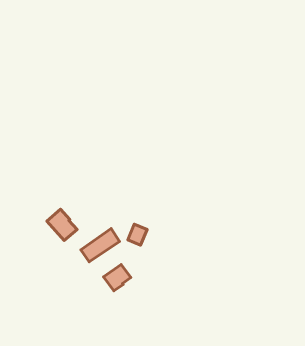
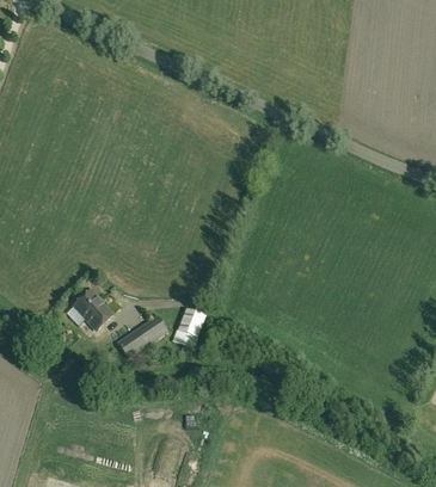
building: [104,265,131,291] -> none

